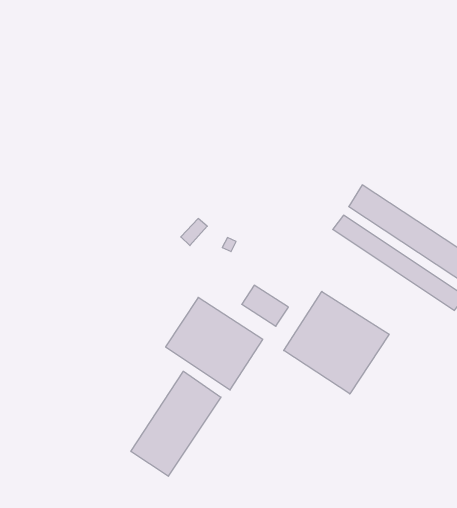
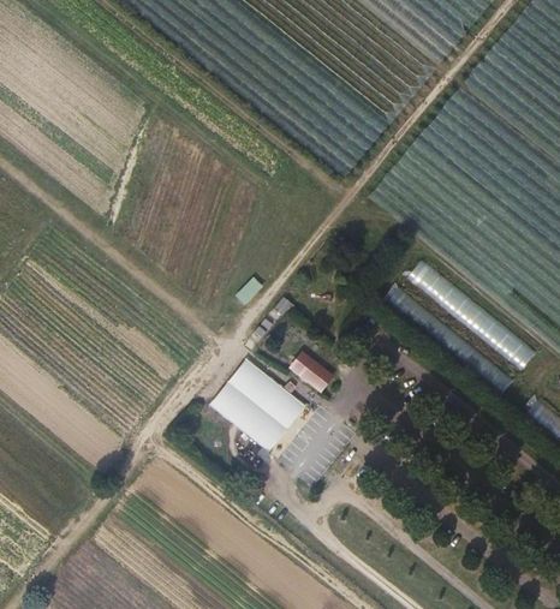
building: [284,291,389,394] -> none
building: [131,371,221,476] -> none

